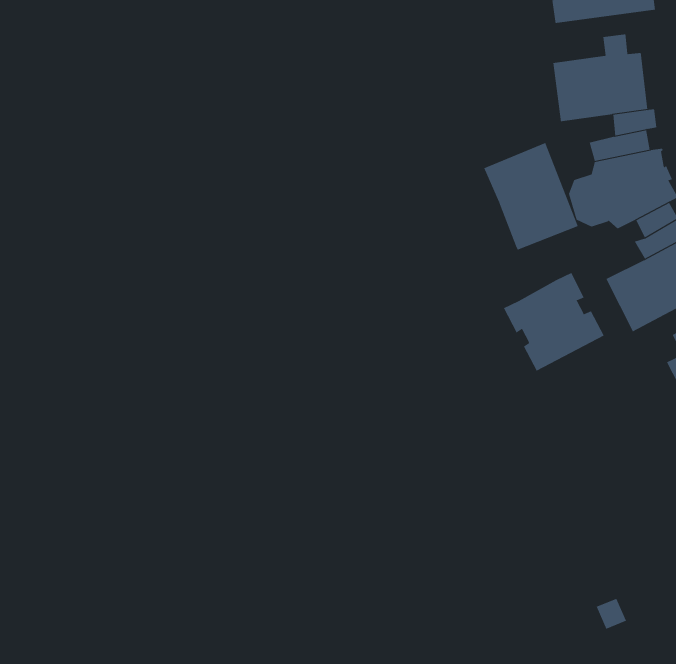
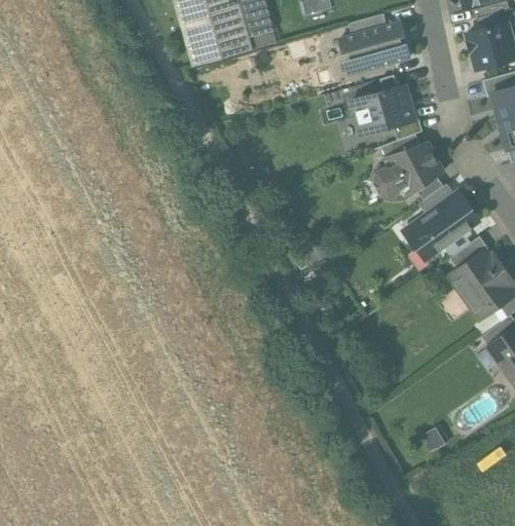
building: [484,142,578,251] -> none
building: [503,272,605,372] -> none

